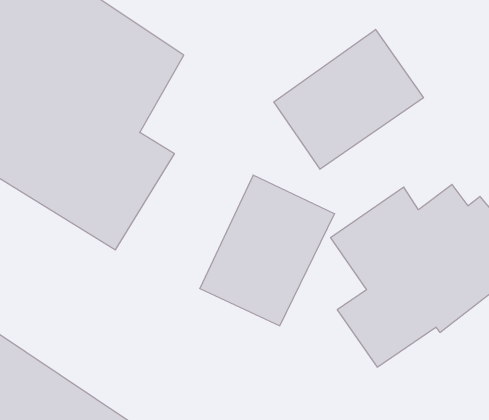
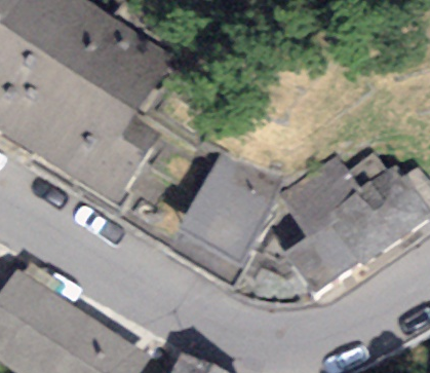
building: [274,29,423,169] -> none

